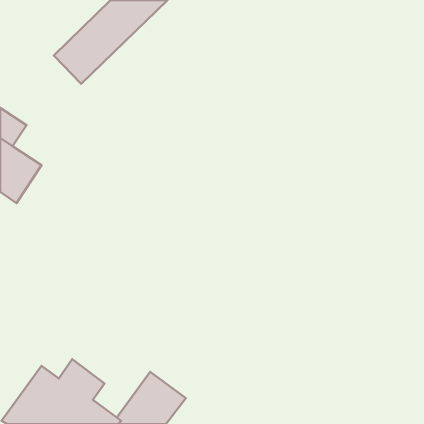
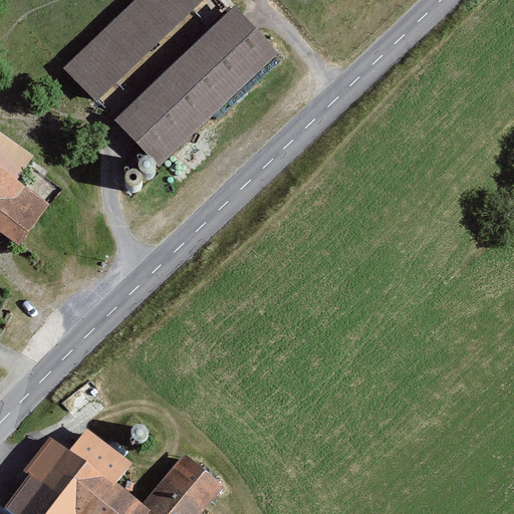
building: none -> [112,5,277,166]

